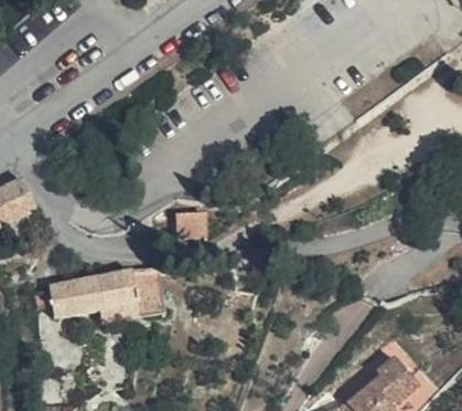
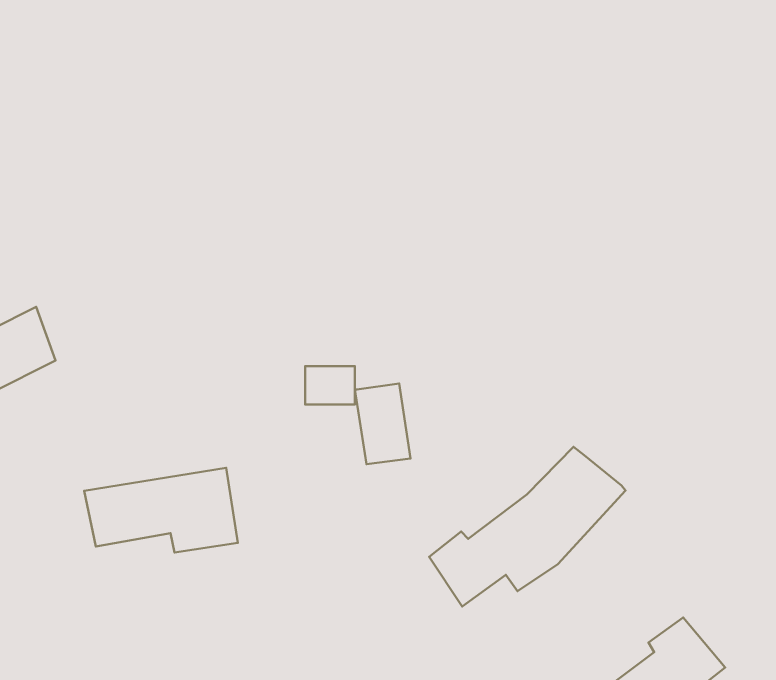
building: none -> [429,447,625,607]
building: [132,267,164,314] -> [355,384,411,464]

